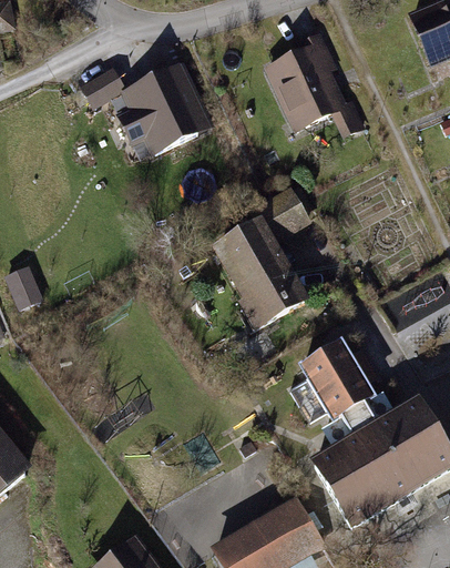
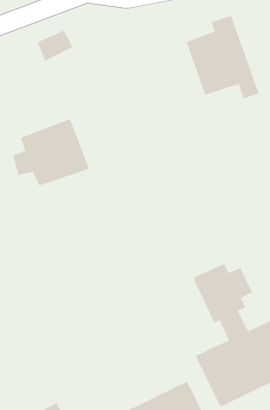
building: [109,65,207,154] -> [13,118,90,186]
building: [225,192,314,328] -> none

